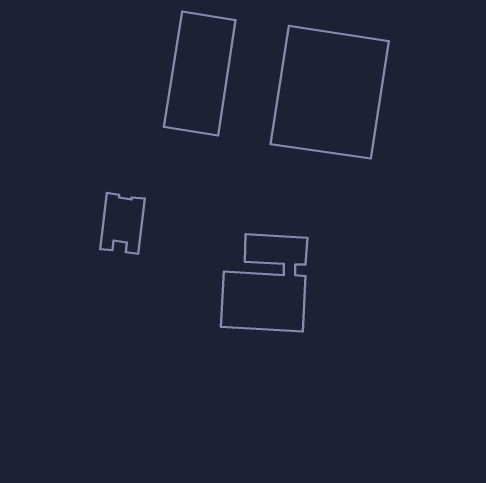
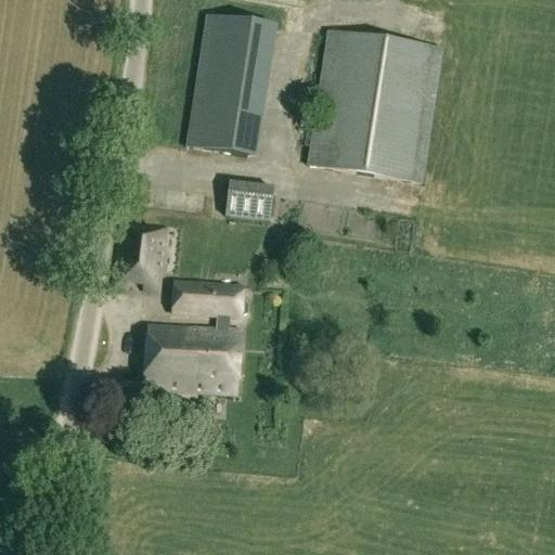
building: none -> [224,180,272,219]
building: [221,234,308,331] -> [145,280,244,390]

